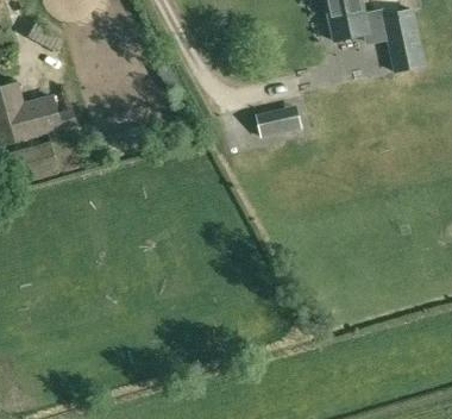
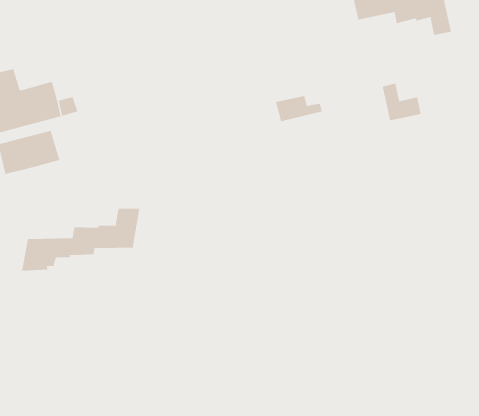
building: [387,37,423,73] -> [382,82,422,121]
building: none -> [21,208,140,272]

